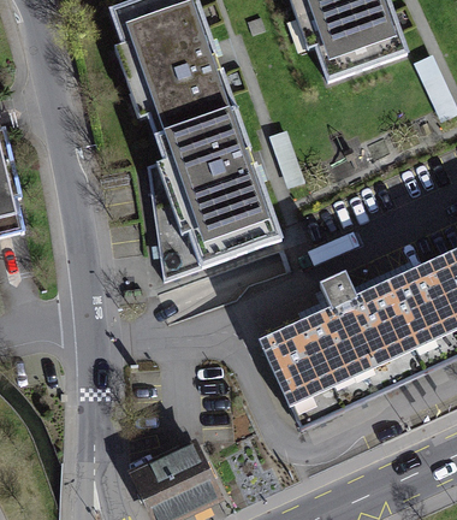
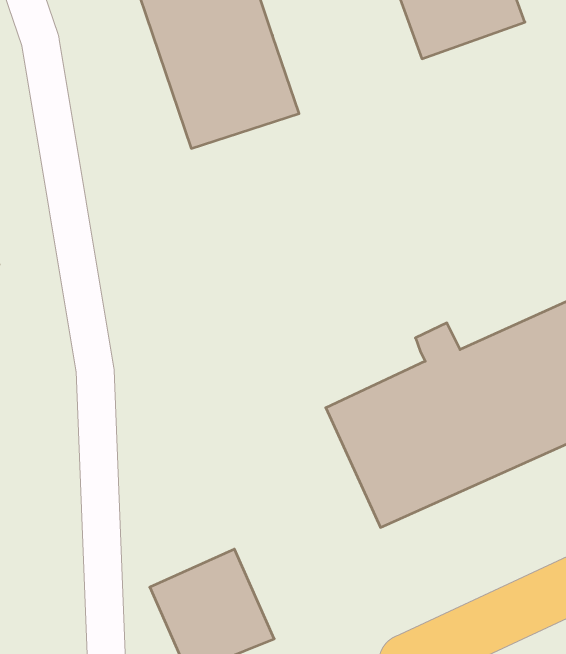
building: [152,120,281,280] -> none

